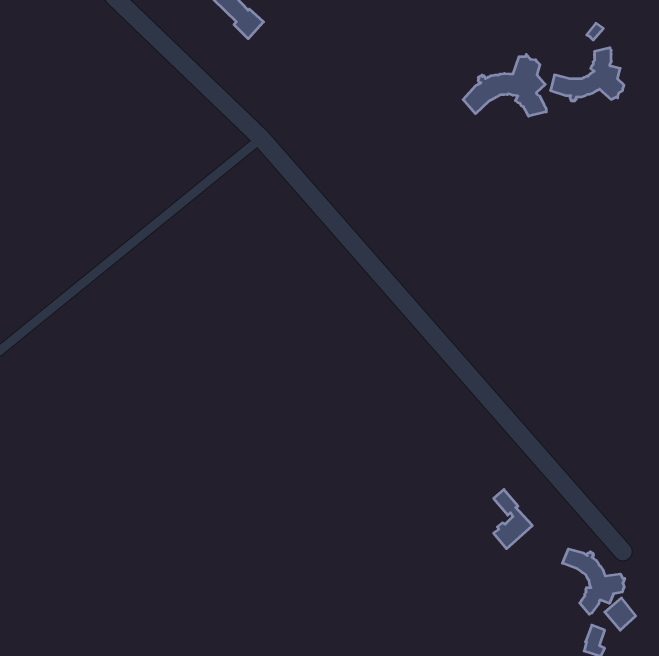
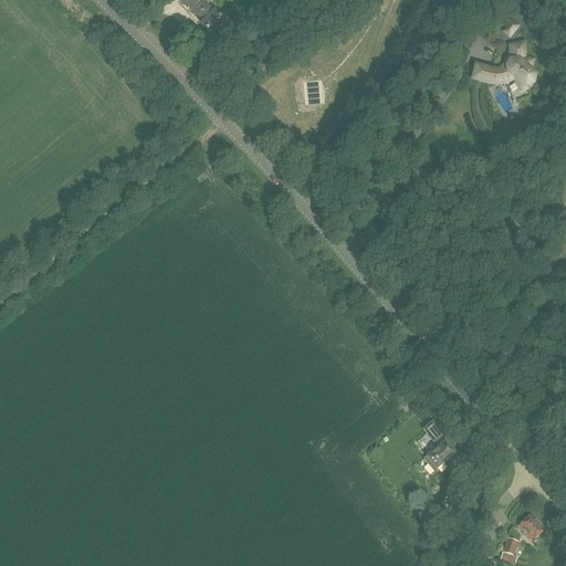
building: [463,54,546,116] -> none
building: [562,549,625,614] -> none

